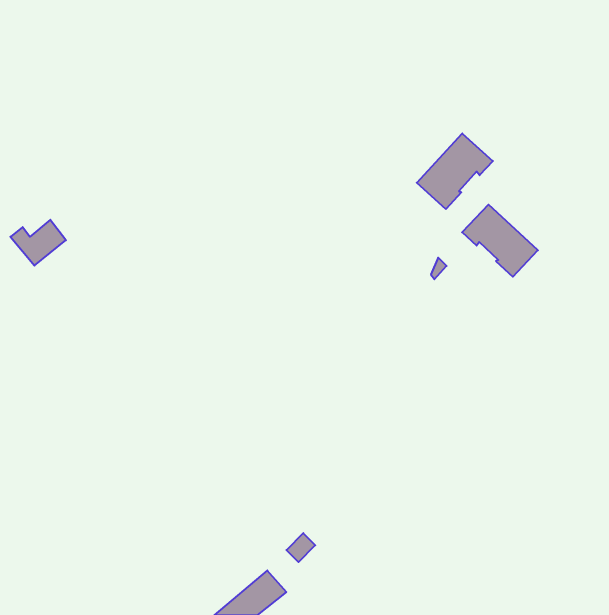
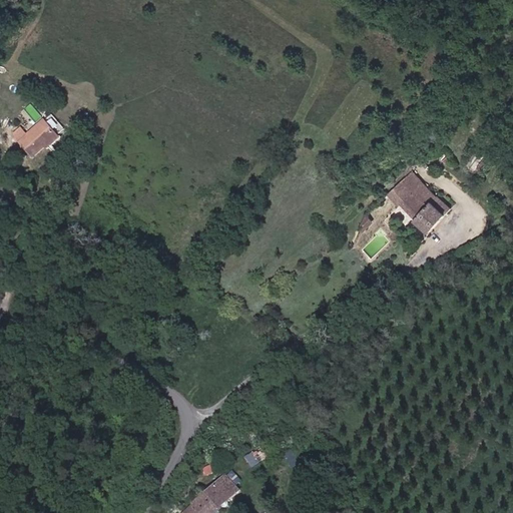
building: [417,133,493,209] -> none
building: [10,220,66,266] -> [11,120,57,158]

